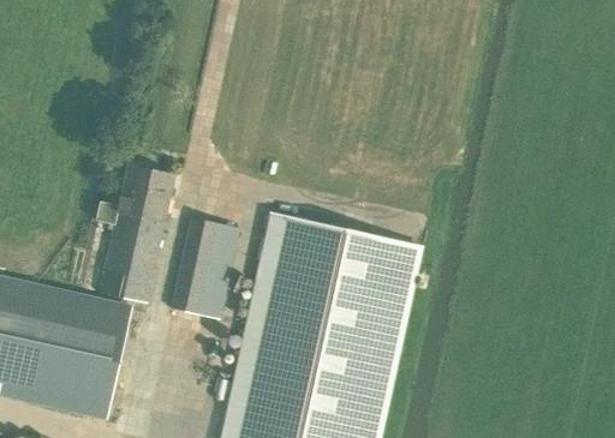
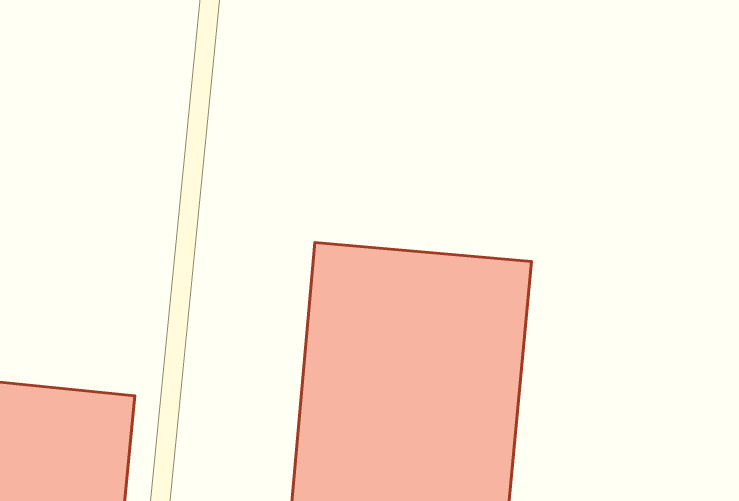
building: [95,164,174,301] -> none
building: [171,216,239,318] -> none

